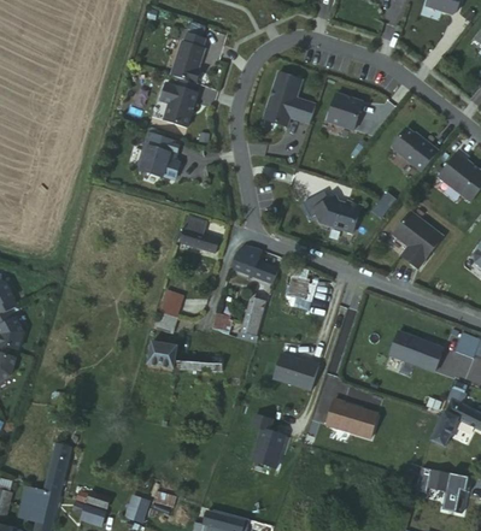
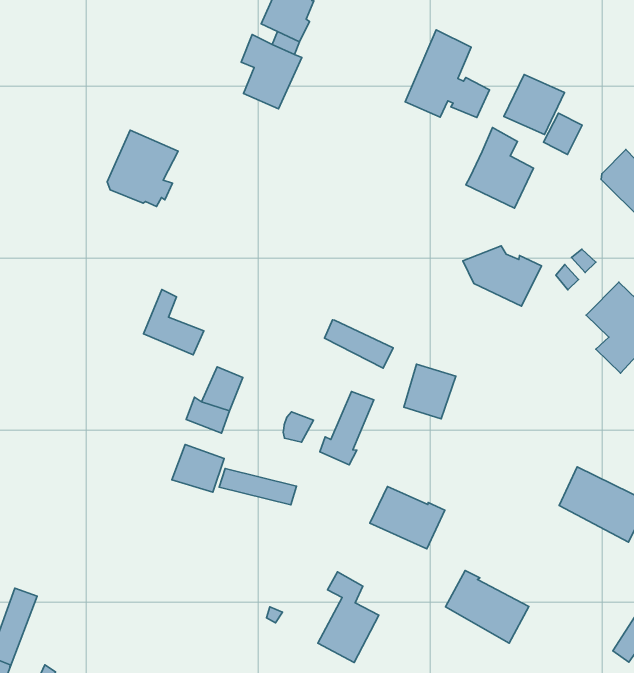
building: none -> [466,128,534,208]
building: [137,130,180,176] -> [107,130,178,207]
building: [178,214,216,253] -> [143,290,204,355]

